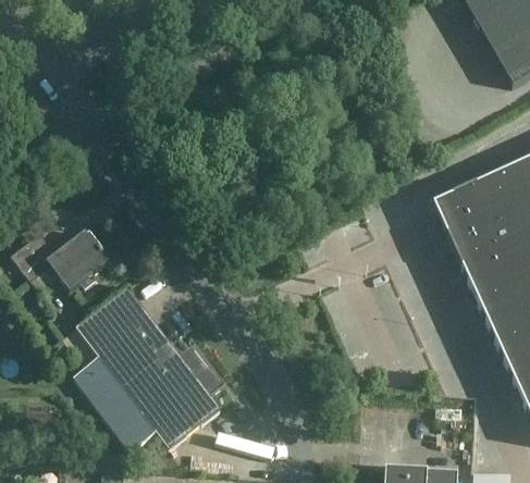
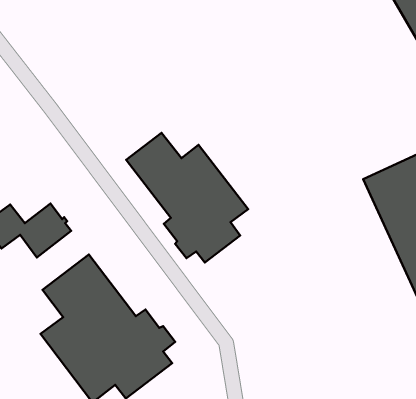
building: none -> [126,133,248,263]

